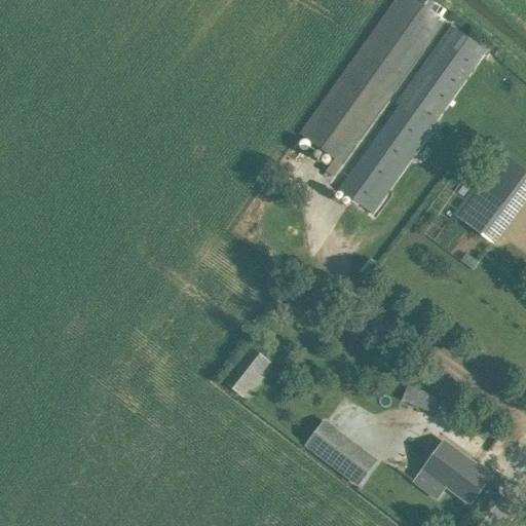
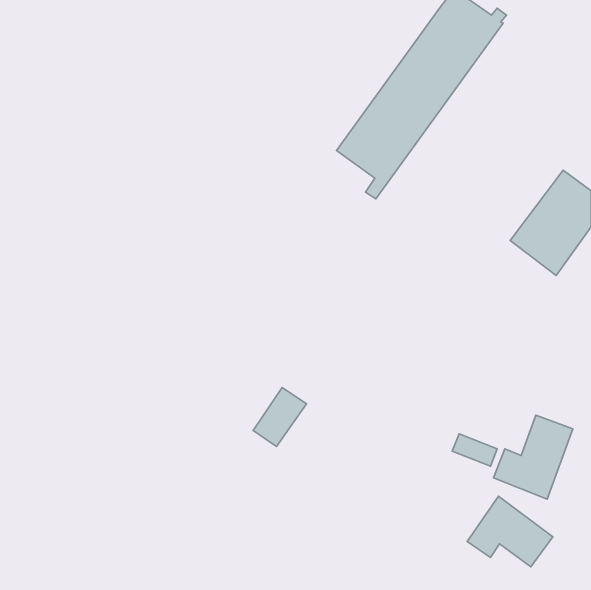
building: [338,24,487,213] -> none
building: none -> [493,415,573,499]
building: [305,422,377,486] -> none

